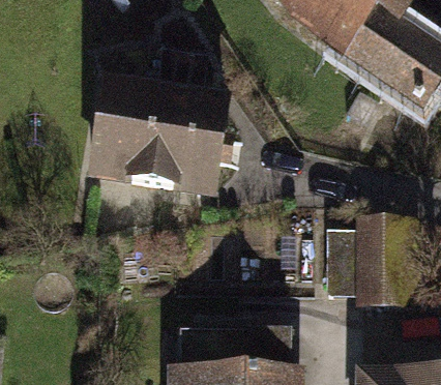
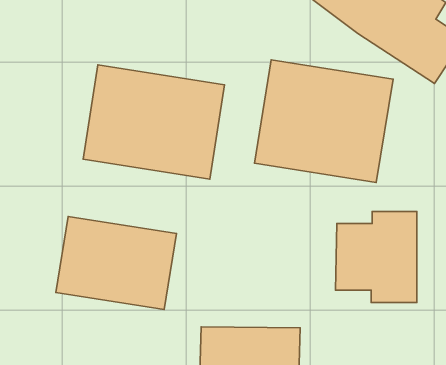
building: none -> [254,60,393,182]
building: none -> [56,216,176,310]

